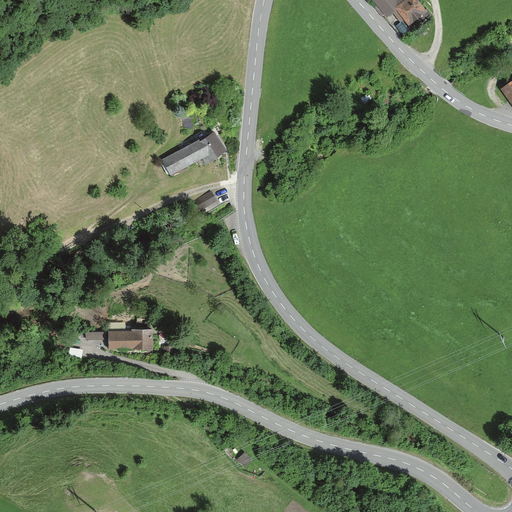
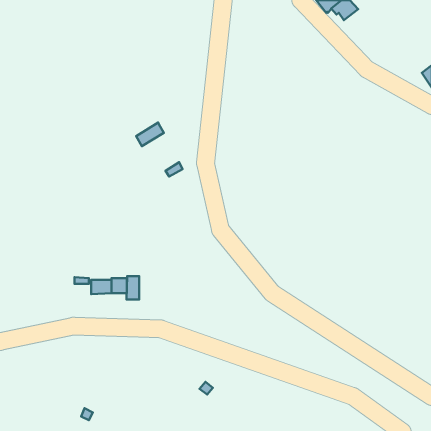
building: [189,133,223,162] -> none
building: none -> [127,276,139,299]

